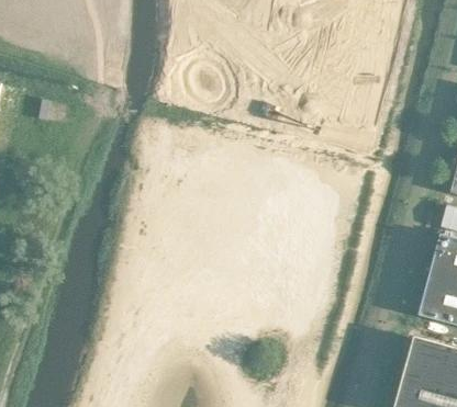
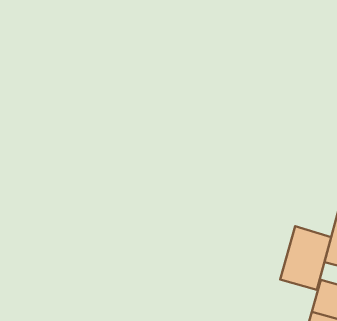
building: none -> [280,226,331,290]

